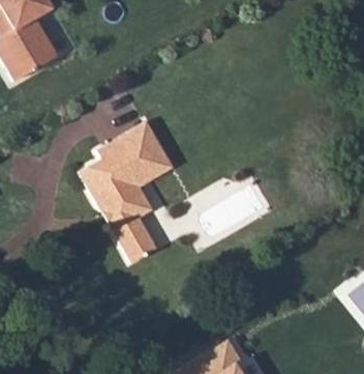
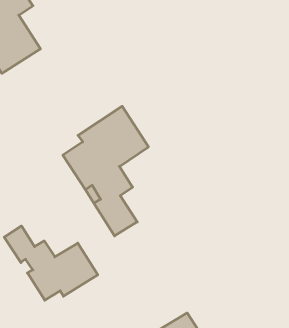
building: none -> [4,226,98,300]

